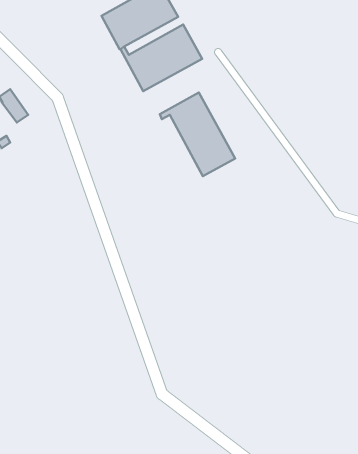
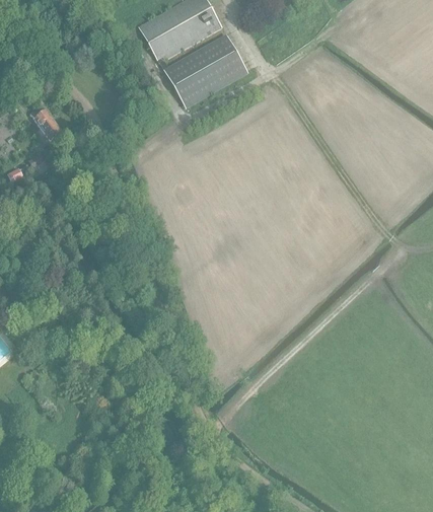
building: [160,93,235,176] -> none

